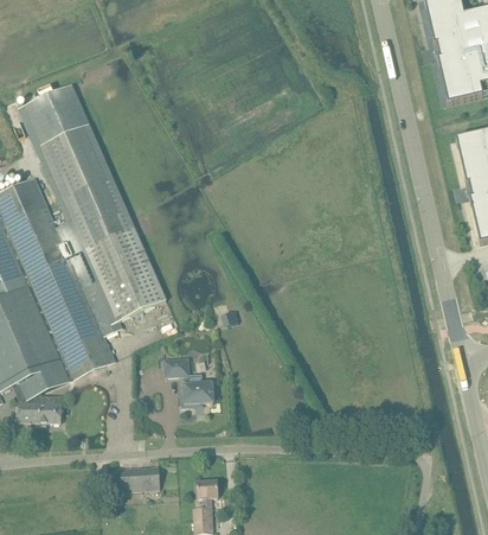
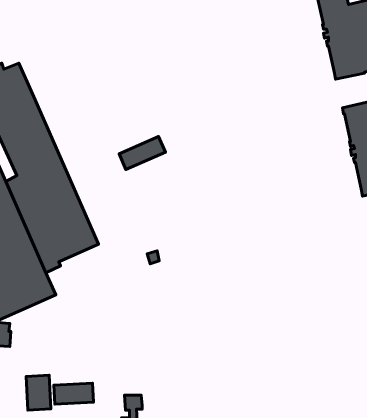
building: none -> [119,137,165,170]
building: [163,357,216,406] -> none
building: none -> [26,375,51,410]

